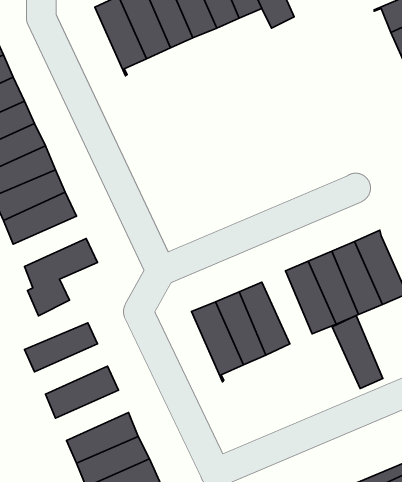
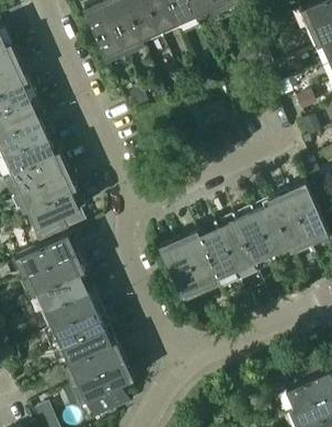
building: none -> [19,174,76,214]
building: none -> [14,238,77,278]
building: [332,315,383,388] -> [213,217,252,274]
building: none -> [35,274,92,313]
building: none -> [51,310,108,349]

